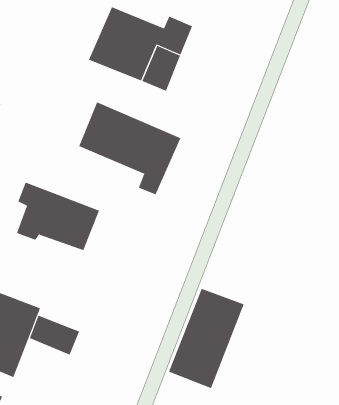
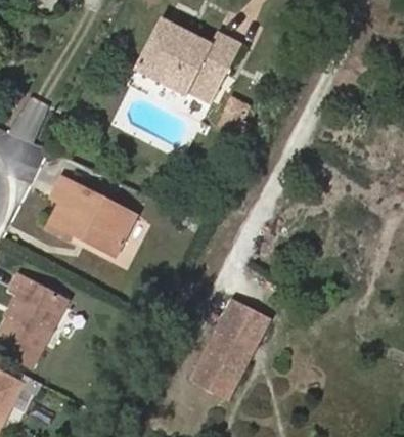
building: [79,102,181,195] -> none
building: [29,315,80,355] -> none

